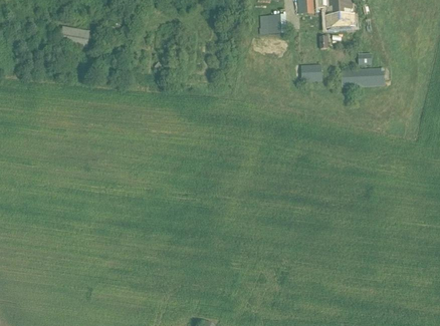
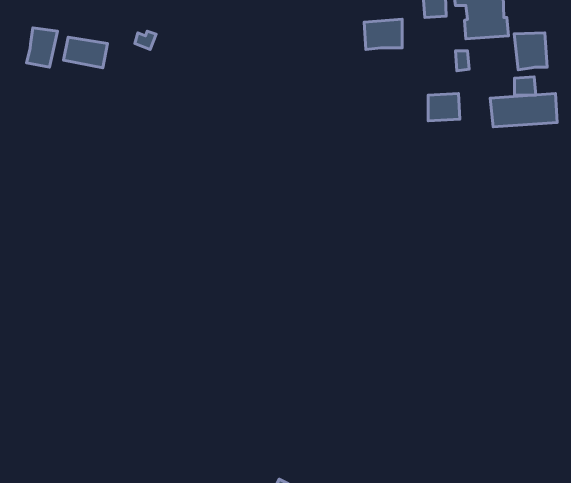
building: none -> [27,28,57,67]
building: none -> [514,33,547,70]

